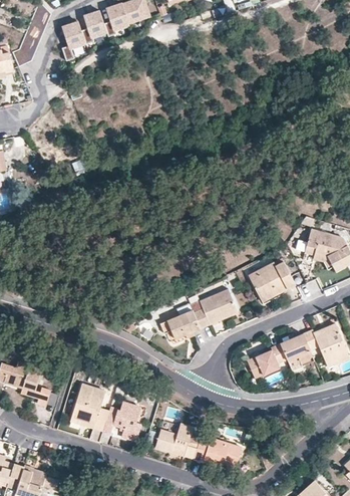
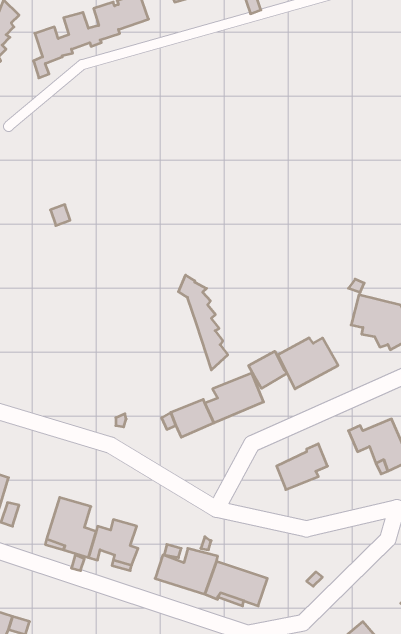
building: none -> [178,275,228,370]
building: none -> [249,351,287,388]
building: [280,333,314,369] -> none

